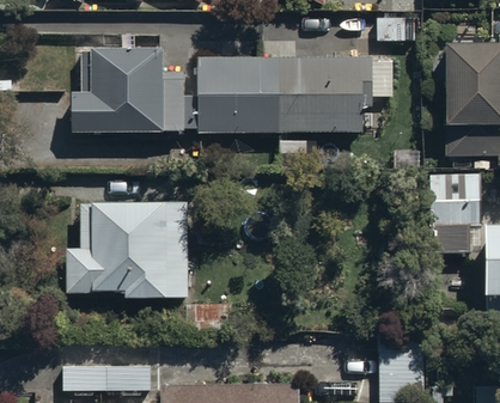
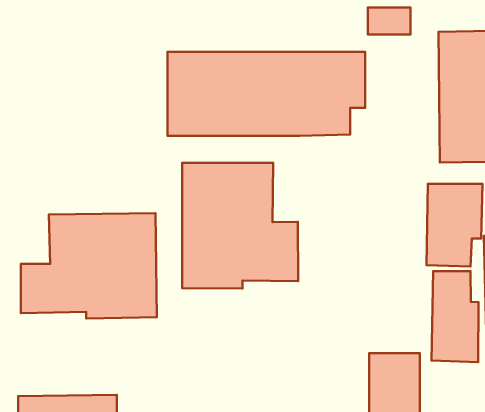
building: [72,47,196,130] -> none
building: none -> [182,163,298,289]
building: none -> [432,271,479,362]

